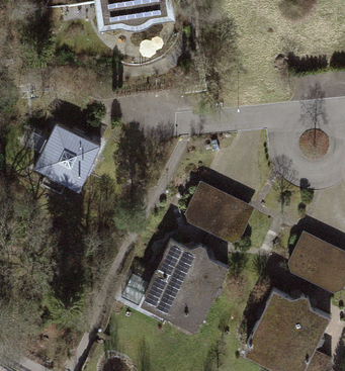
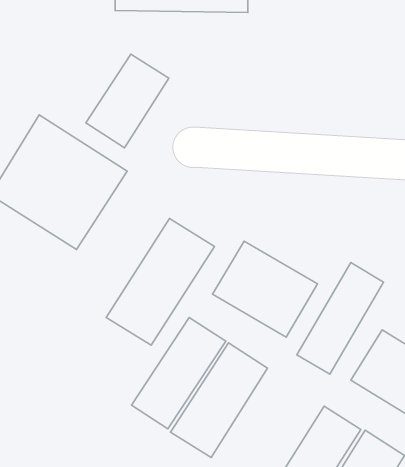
building: none -> [86,54,169,148]
building: none -> [106,219,215,345]
building: none -> [297,263,383,374]

